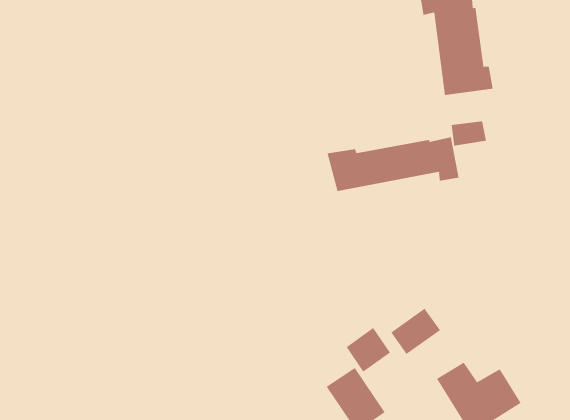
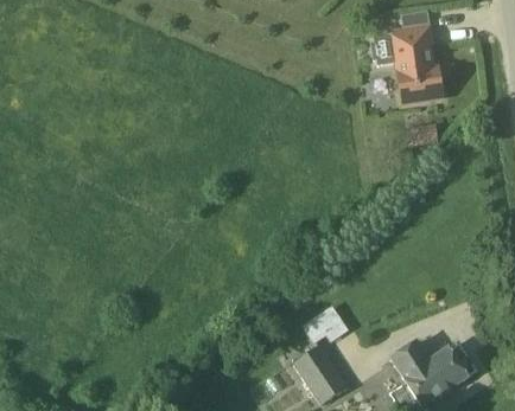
building: [327,137,459,192] -> none
building: [390,308,441,355] -> none

